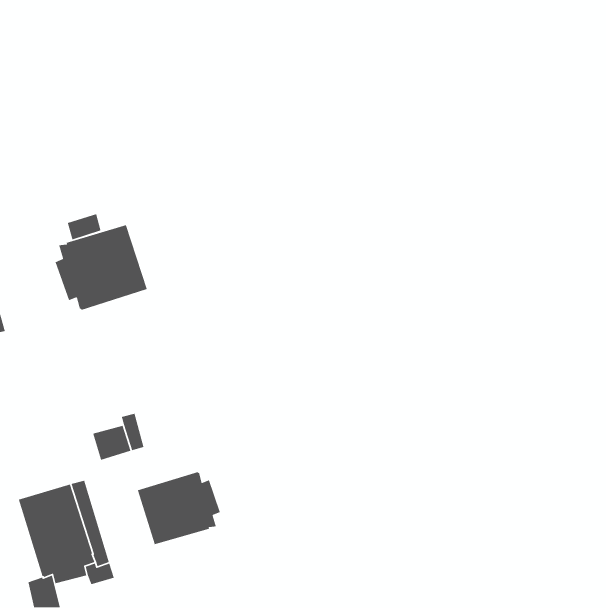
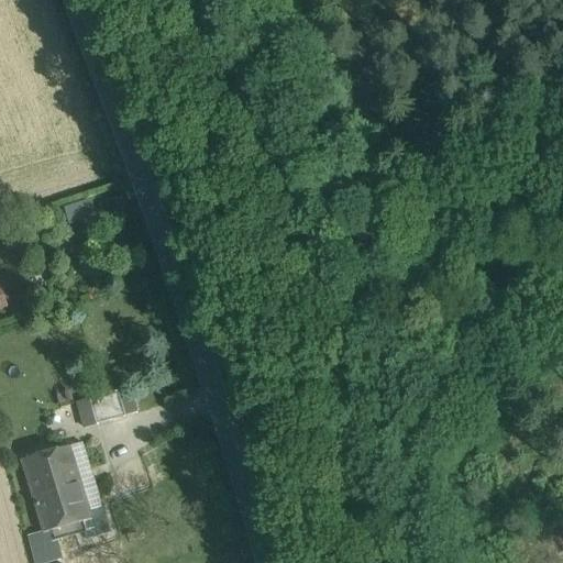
building: [54,224,148,311] -> none
building: [137,471,221,545] -> none

